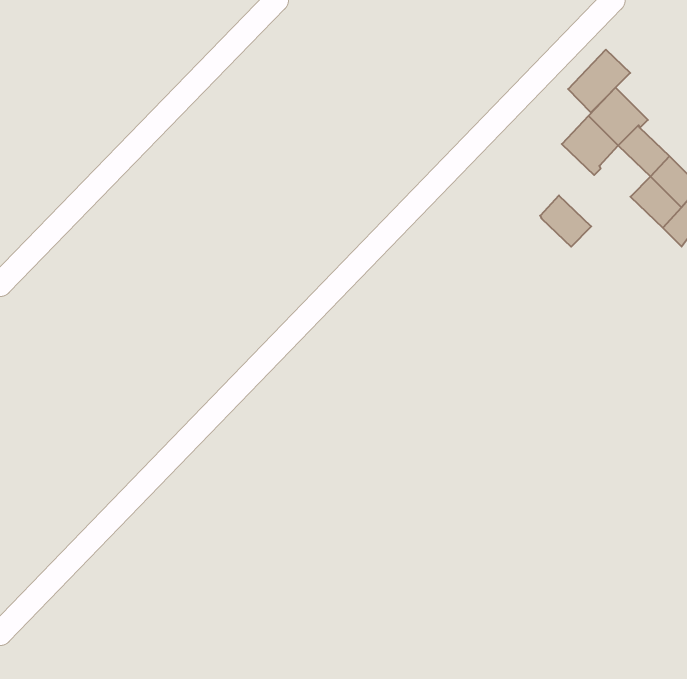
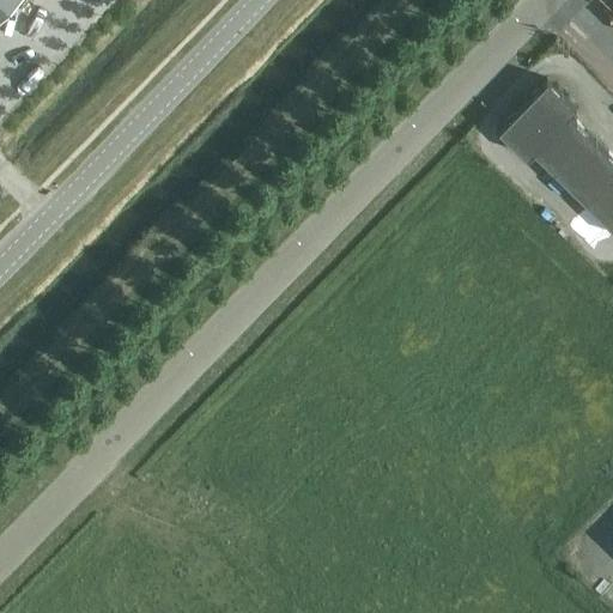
building: [568,50,630,112] -> none
building: [540,195,591,247] -> [534,138,579,183]

